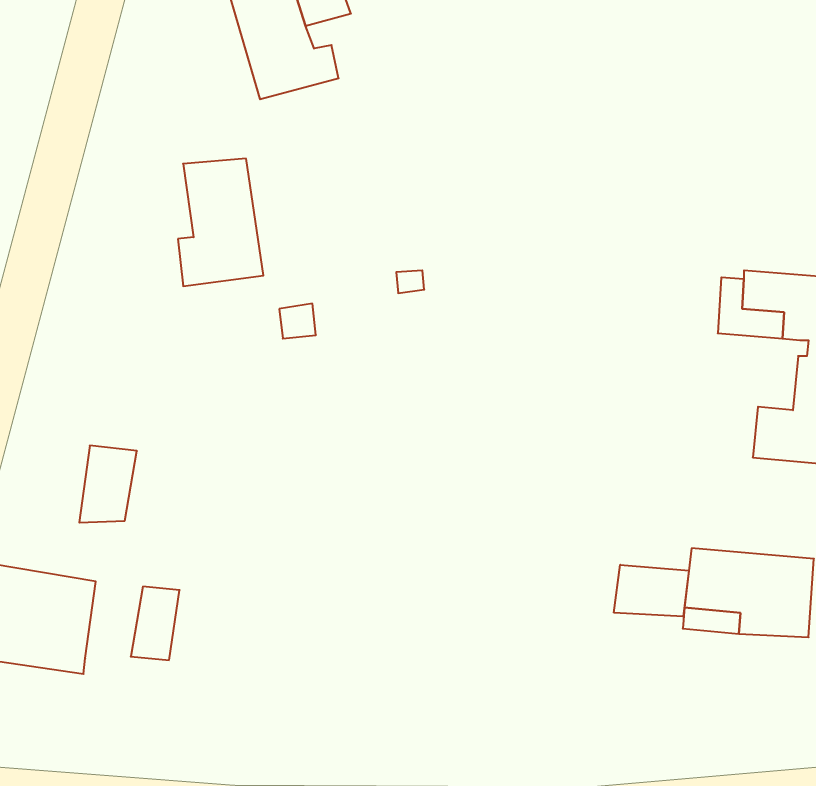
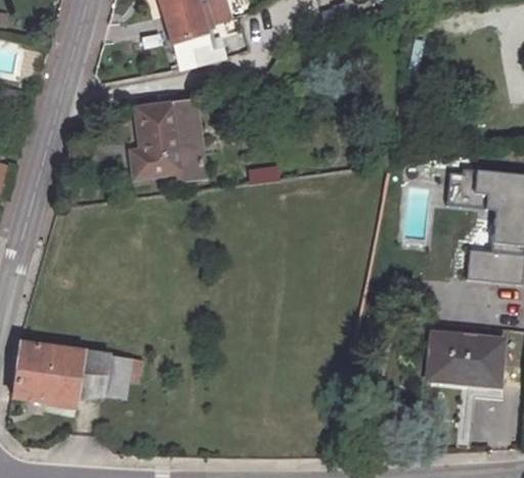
building: none -> [171,99,206,180]
building: [79,446,137,523] -> [77,351,111,396]
building: [614,565,689,617] -> none

